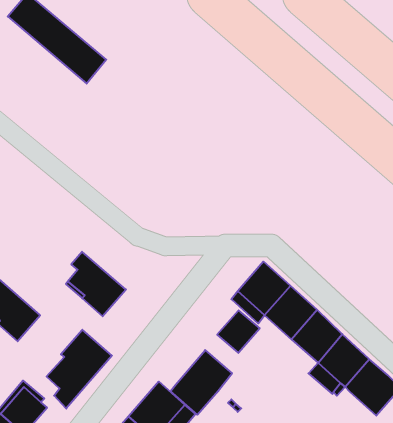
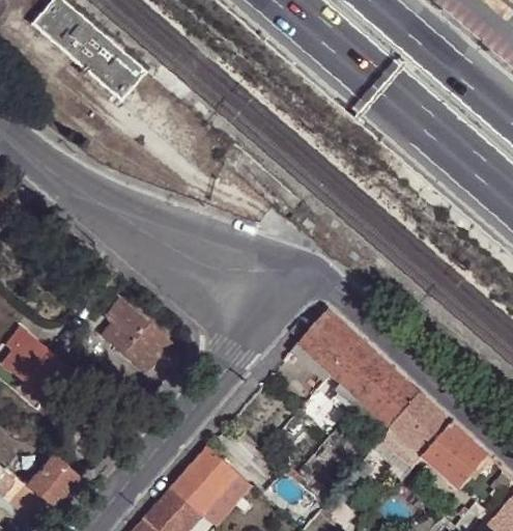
building: [217,310,260,353] -> none
building: [47,330,112,409] -> none
building: [171,350,232,415] -> none

